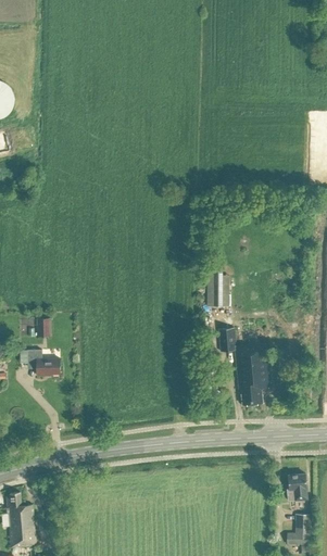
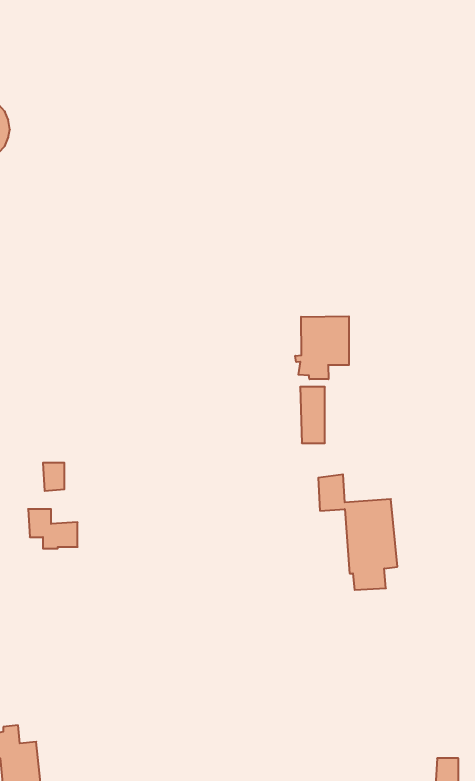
building: none -> [295,316,349,379]
building: [287,473,309,501] -> none

